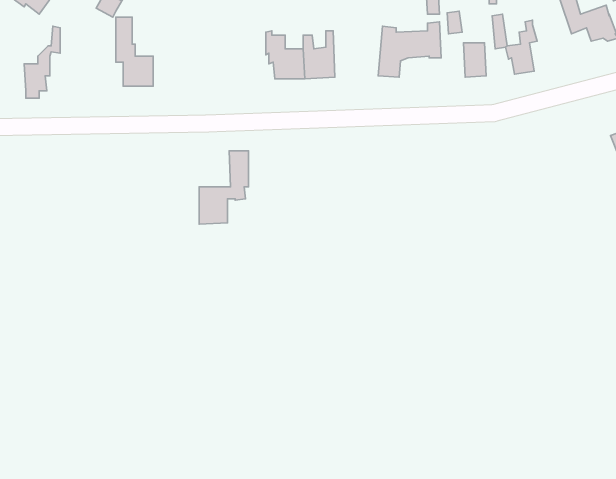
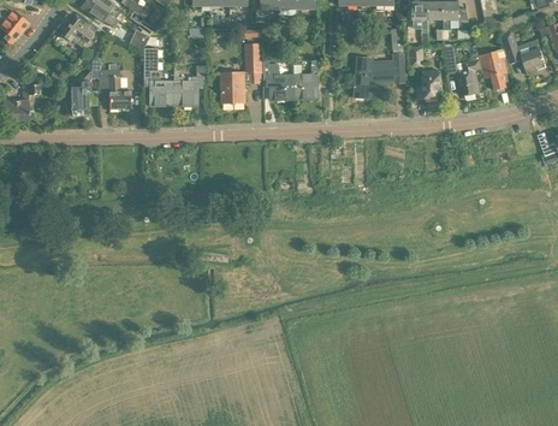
building: none -> [477,51,509,90]
building: none -> [173,66,203,105]
building: none -> [97,69,130,108]
building: [199,151,249,224] -> [221,43,261,102]

